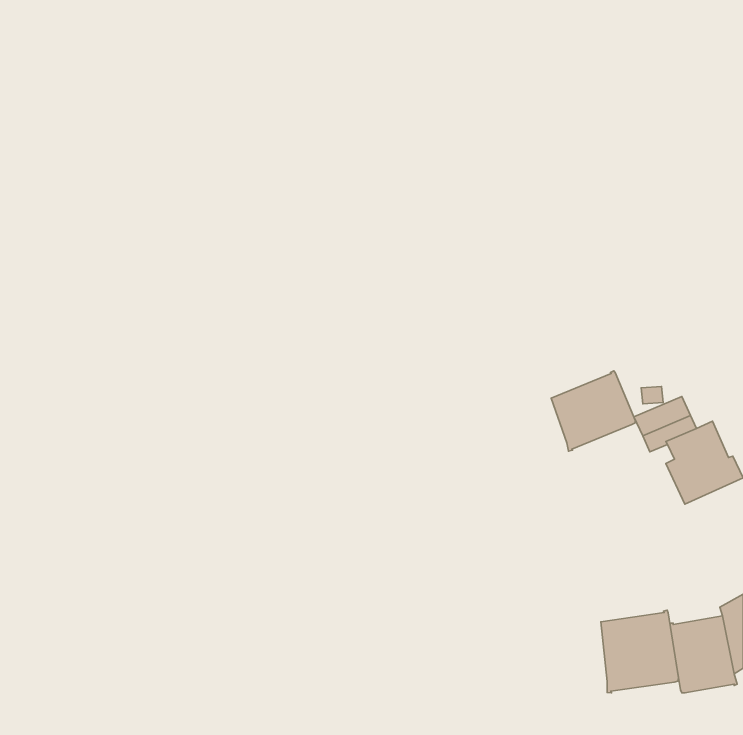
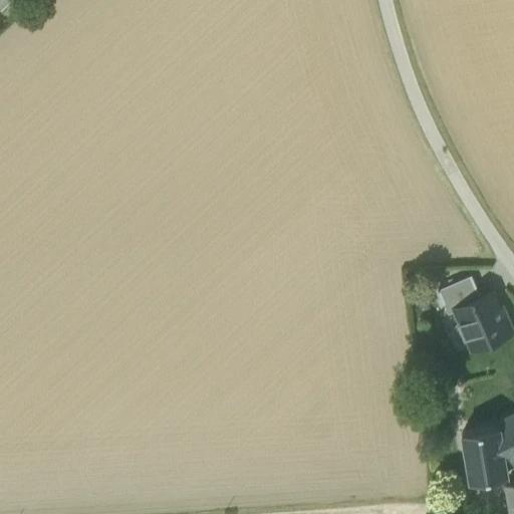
building: [551,371,635,451] -> none
building: [601,610,679,693] -> none

